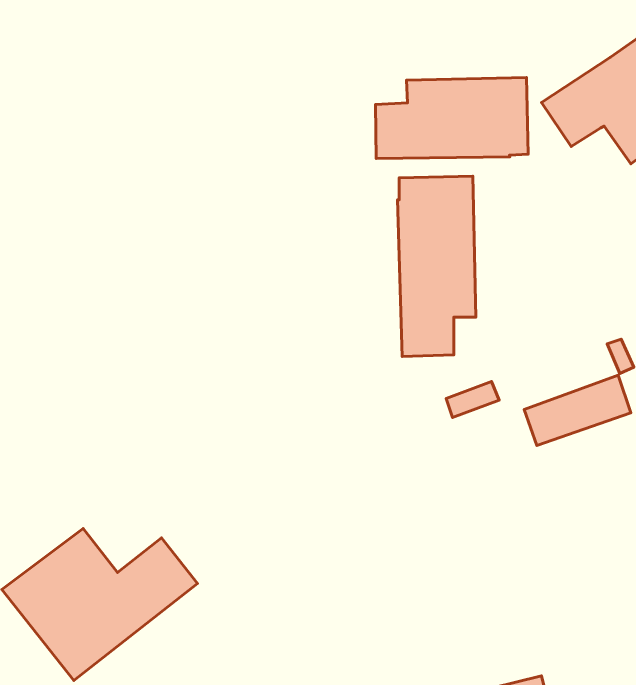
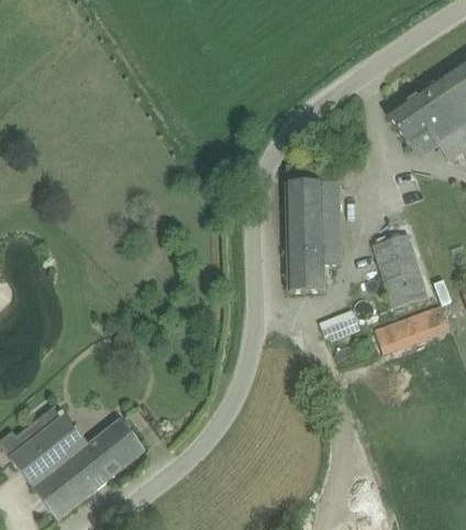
building: [375,77,528,158] -> none
building: none -> [374,234,428,308]

